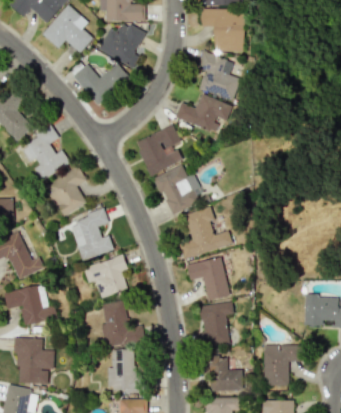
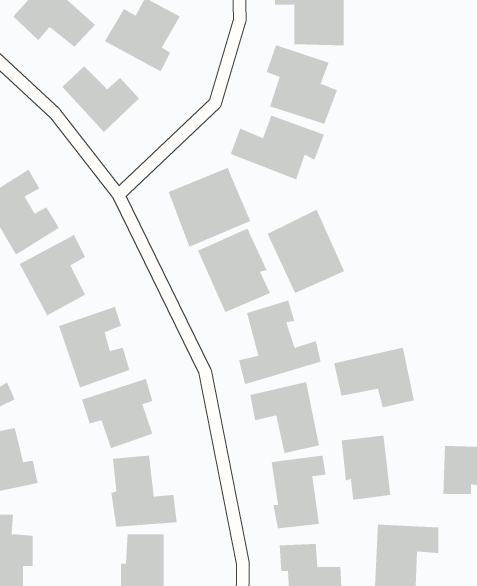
building: none -> [267,209,345,294]
building: none -> [334,347,415,408]
building: none -> [341,435,391,501]

